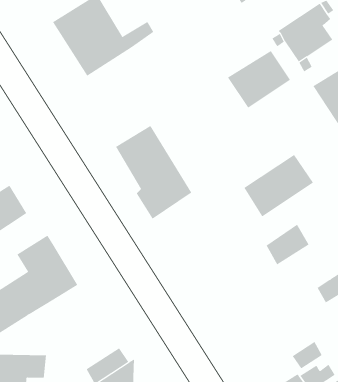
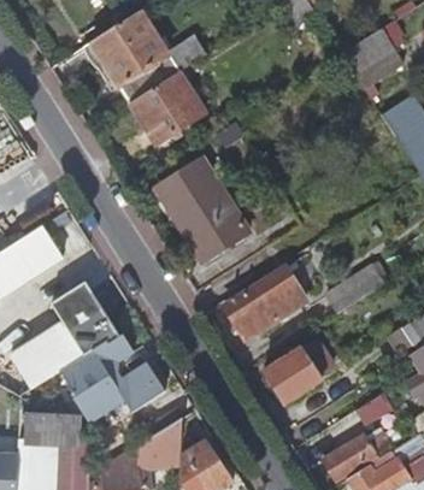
building: none -> [129,71,205,144]
building: [227,50,291,109] -> none
building: [243,154,314,217] -> [224,270,302,340]
building: none -> [64,333,164,420]
building: none -> [267,341,334,402]

